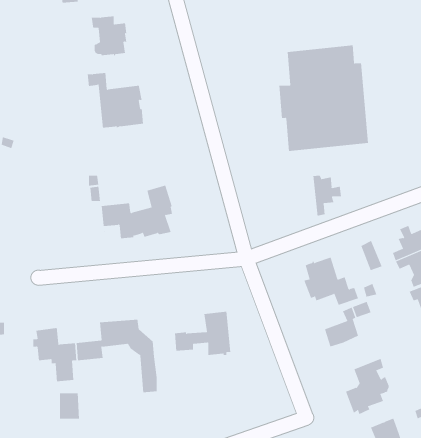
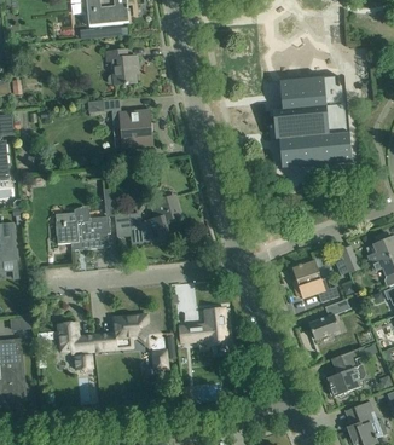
building: [313,175,341,217] -> none
building: none -> [54,208,110,250]

